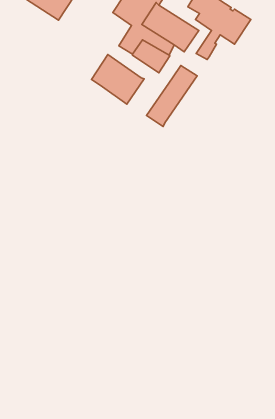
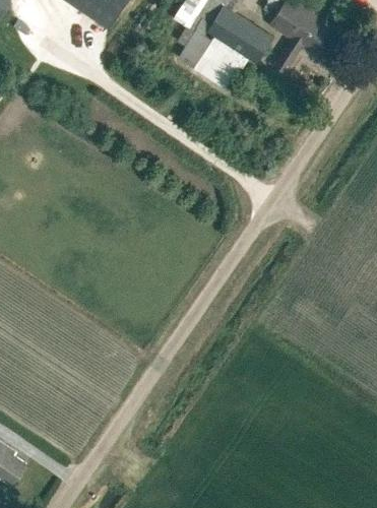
building: [91,55,144,104] -> none
building: [146,65,197,127] -> none

